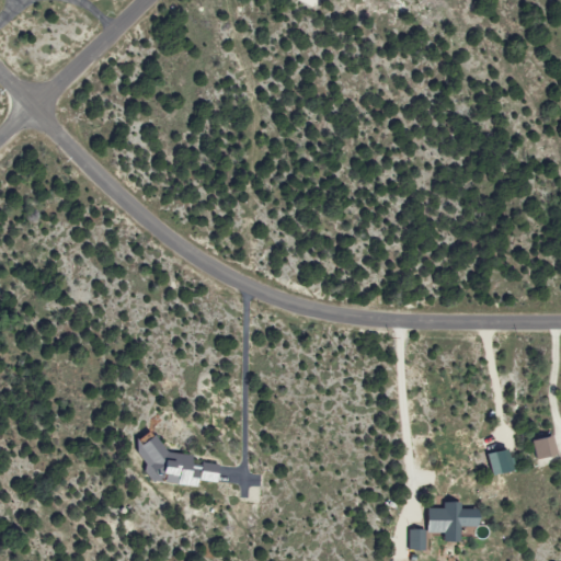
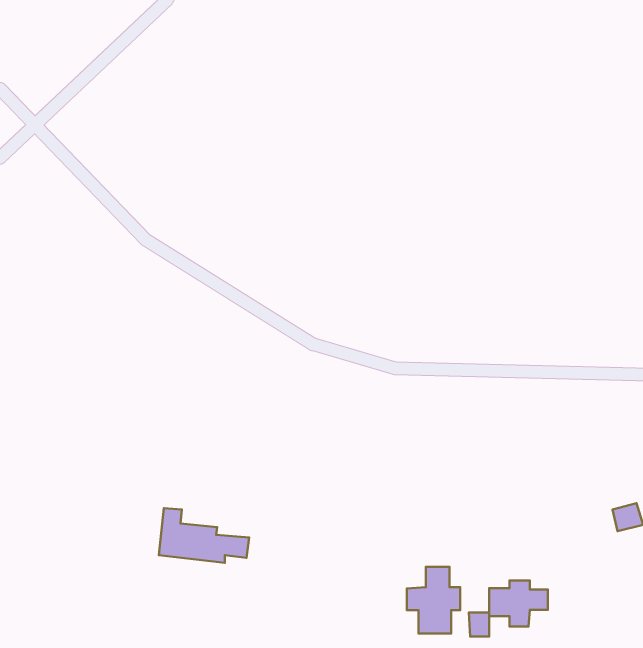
building: [488,447,514,473] -> none
building: none -> [407,567,460,633]

